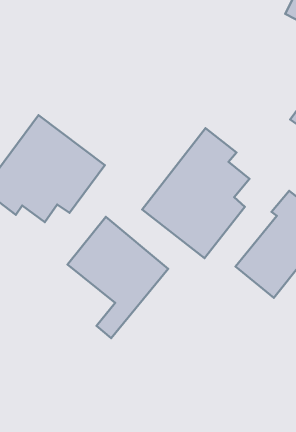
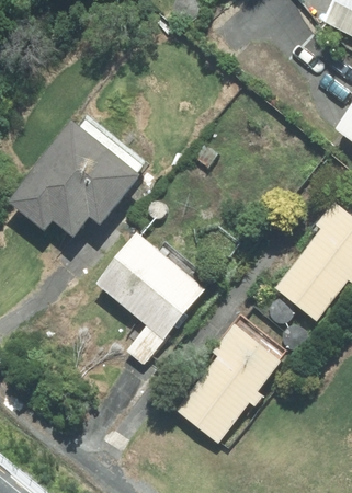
building: [142,128,249,258] -> none
building: none -> [178,328,277,439]

